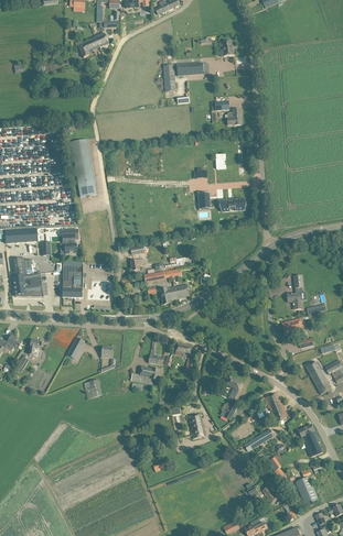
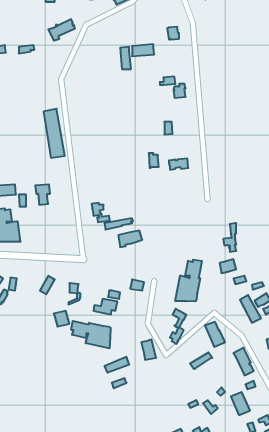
building: [62,261,83,296] -> none
building: none -> [175,260,202,301]
building: none -> [71,321,111,348]

